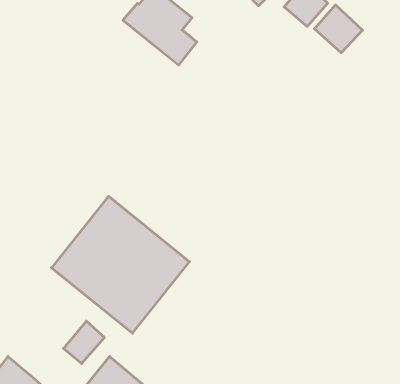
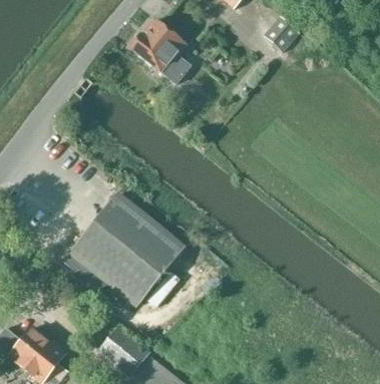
building: [314,5,363,53] -> none
building: [63,321,104,364] -> none

